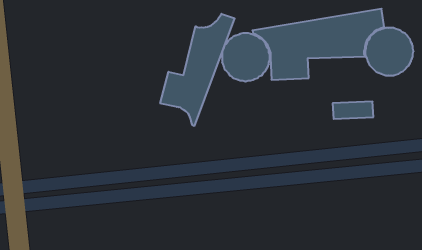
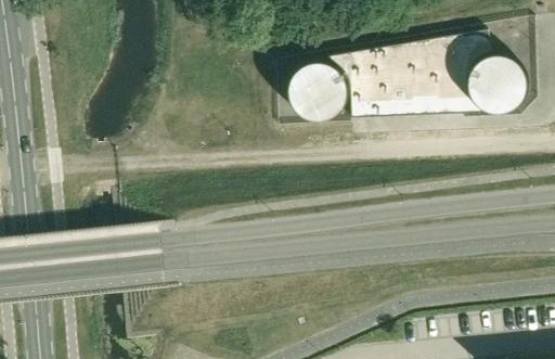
building: [160,14,235,126] -> none
building: [333,102,373,119] -> [412,91,463,113]

